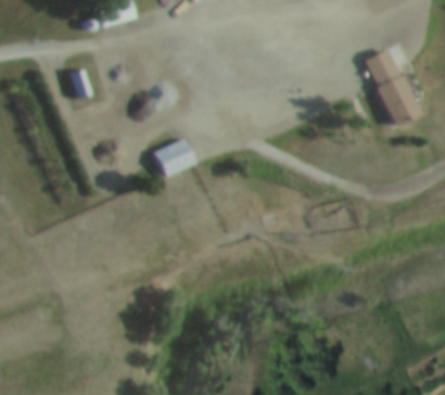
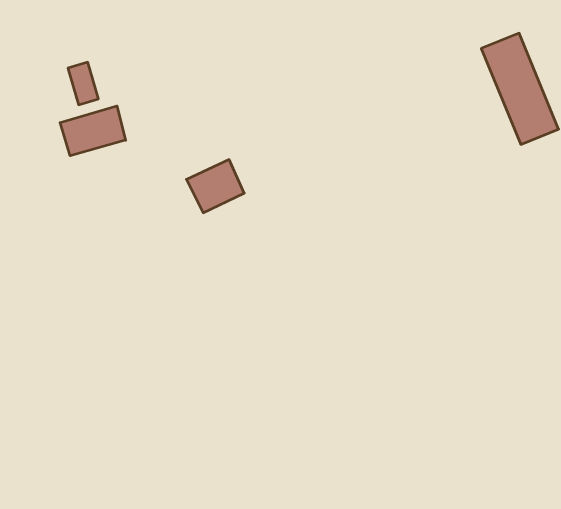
building: none -> [60,106,126,156]

